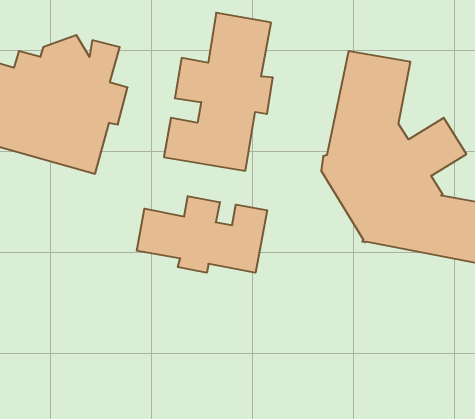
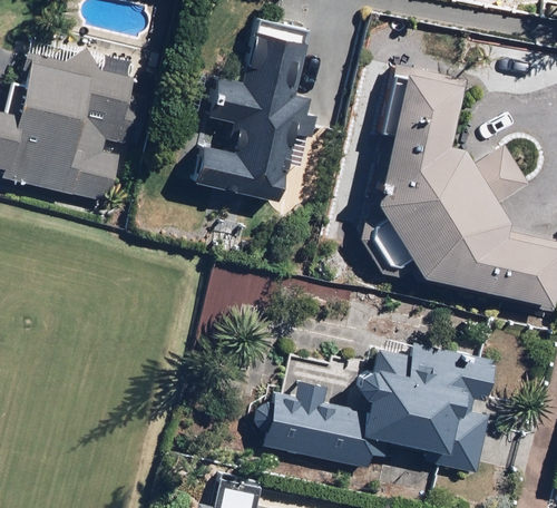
building: [137,196,267,273] -> none
building: none -> [261,342,499,473]

